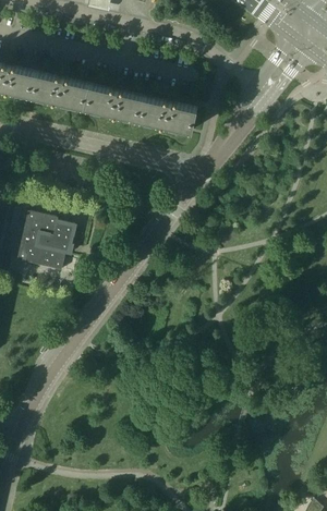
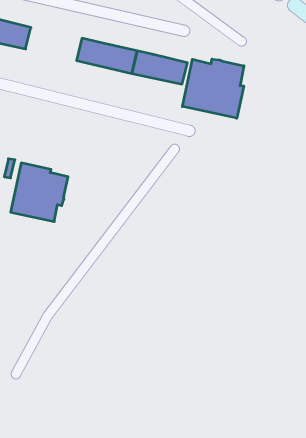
building: [32,72,89,106] -> none
building: none -> [182,59,244,118]

